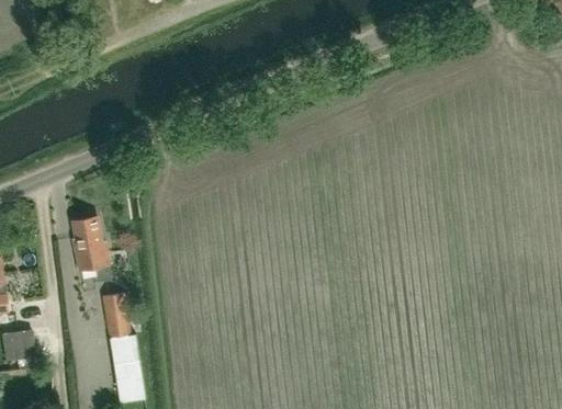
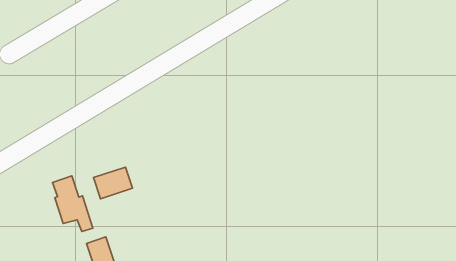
building: none -> [94,167,132,199]

